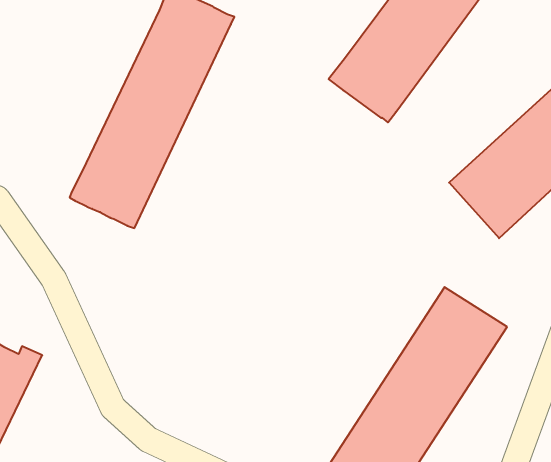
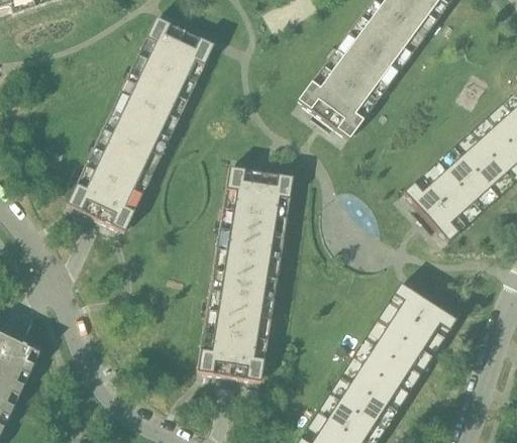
building: none -> [199,165,295,381]

